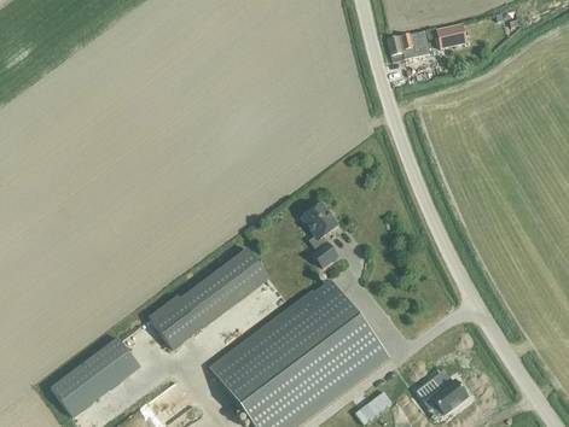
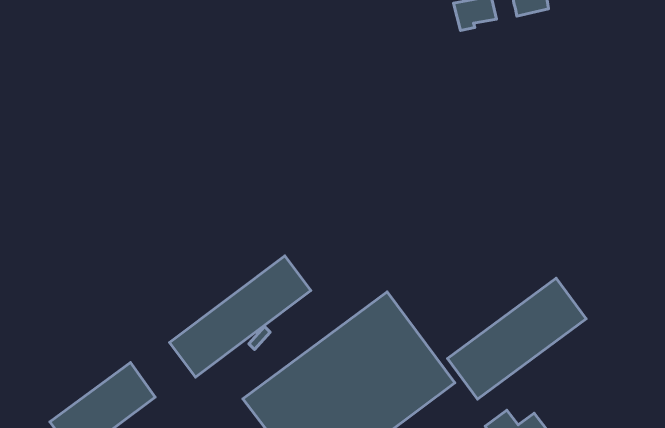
building: [302,201,339,267] -> none
building: none -> [447,278,586,399]

